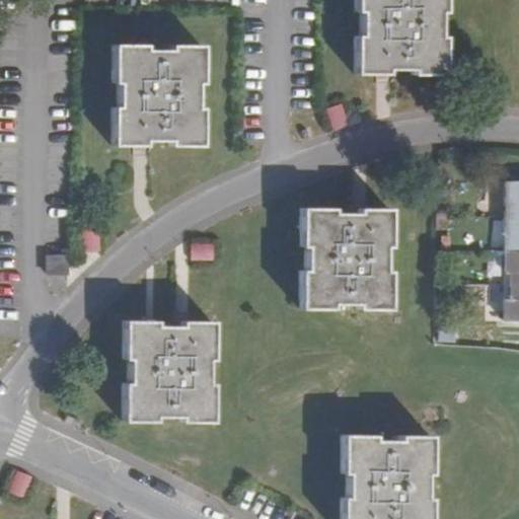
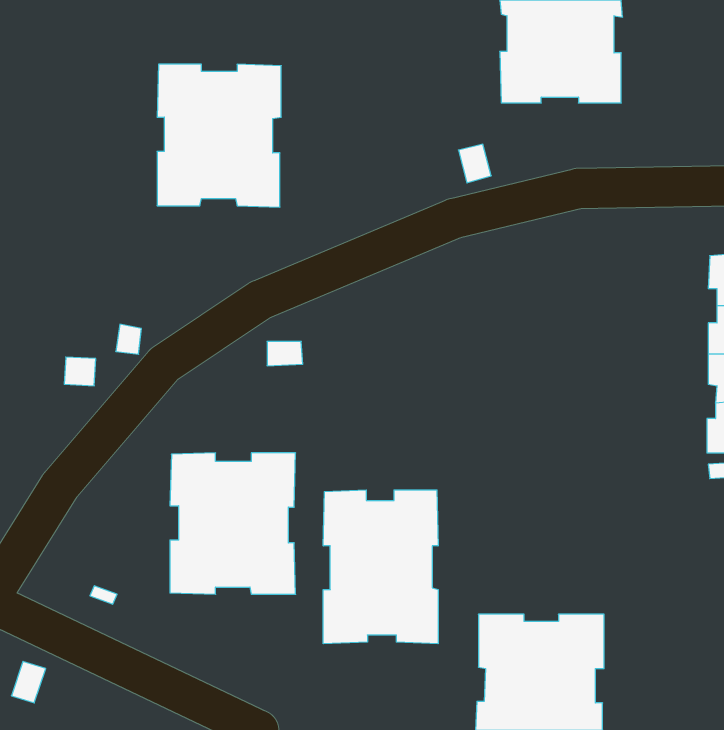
building: [301,209,391,309] -> none
building: none -> [323,490,438,644]

